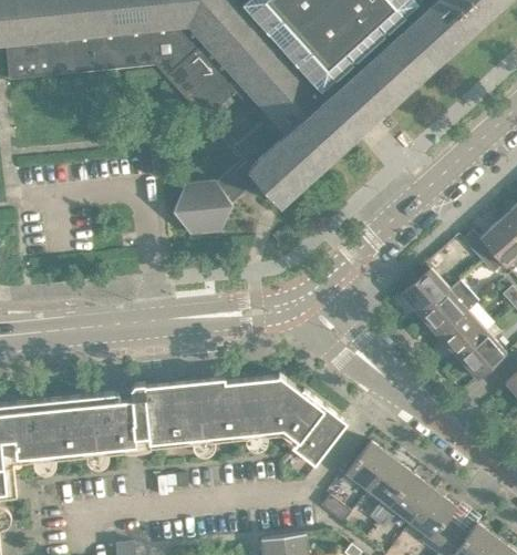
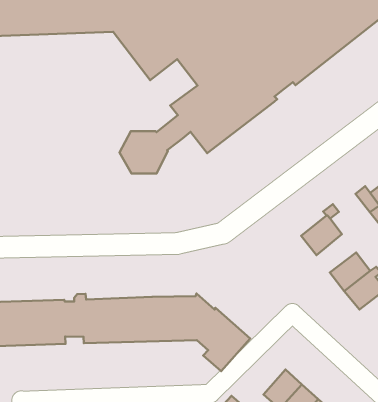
building: [421,281,478,338] -> none
building: [342,442,393,491] -> none

